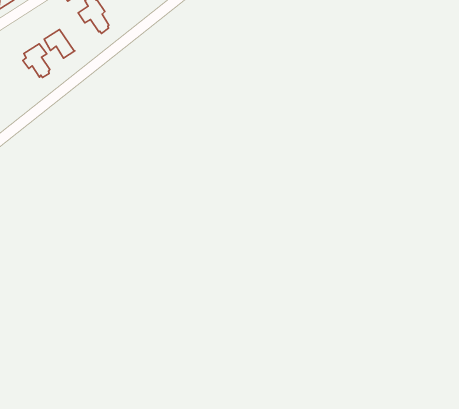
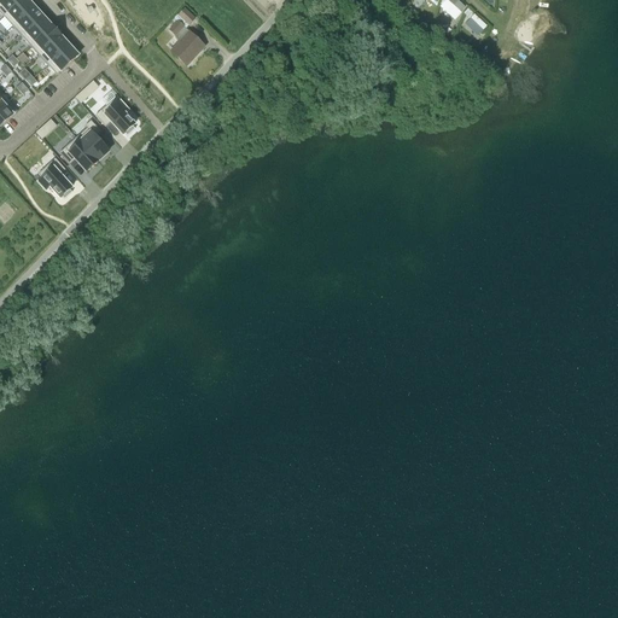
building: none -> [76,118,109,159]

